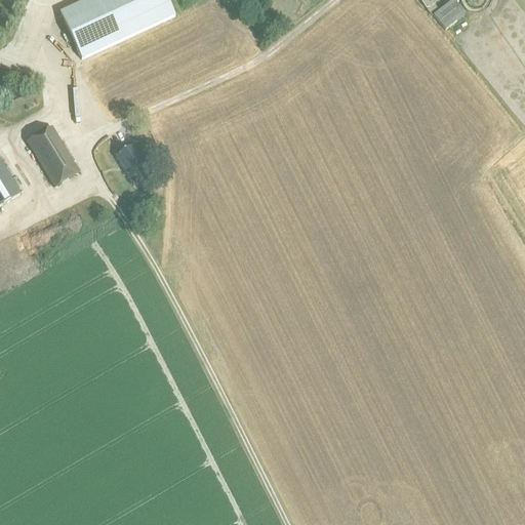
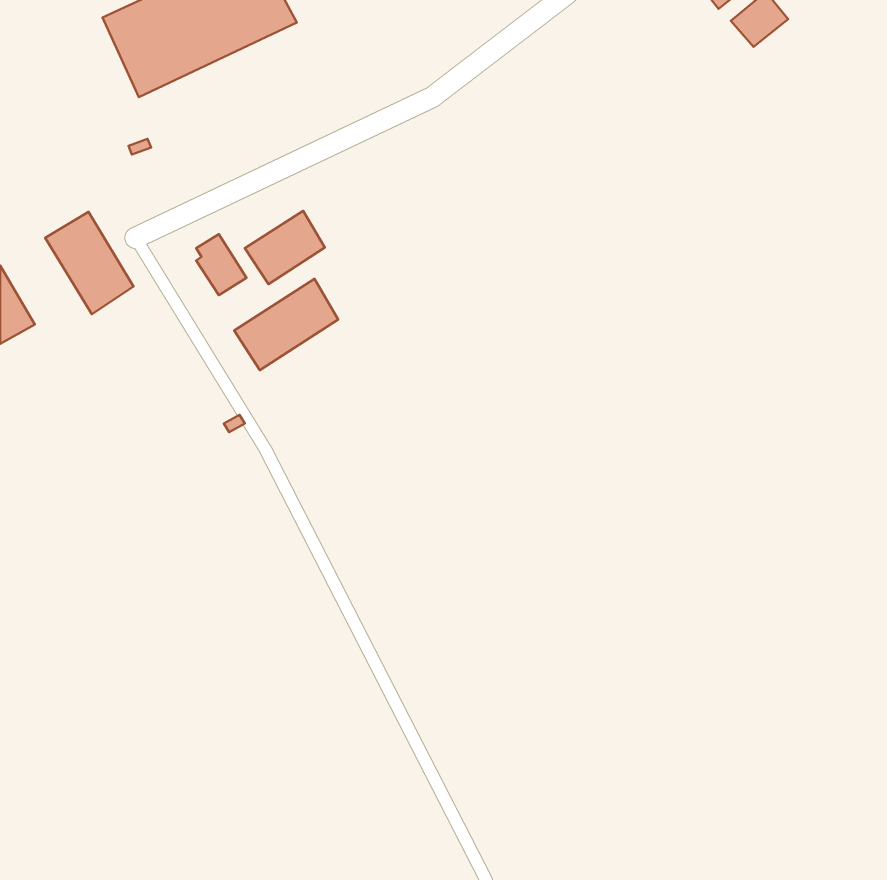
building: none -> [245,211,325,284]
building: none -> [234,279,338,370]

